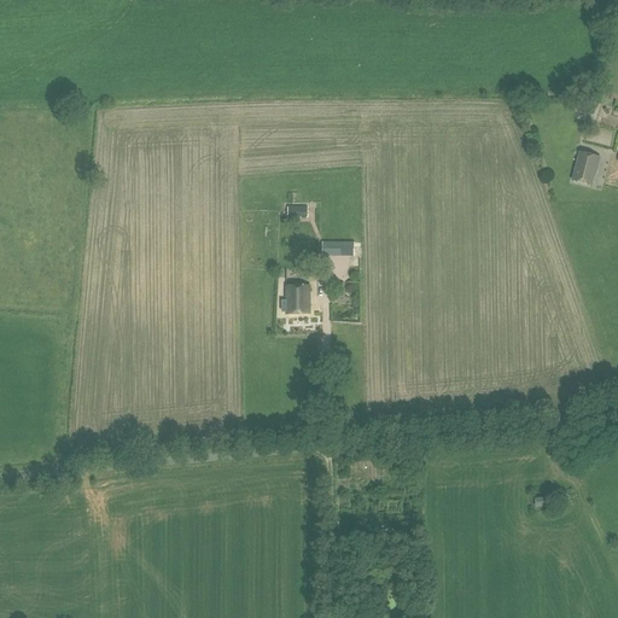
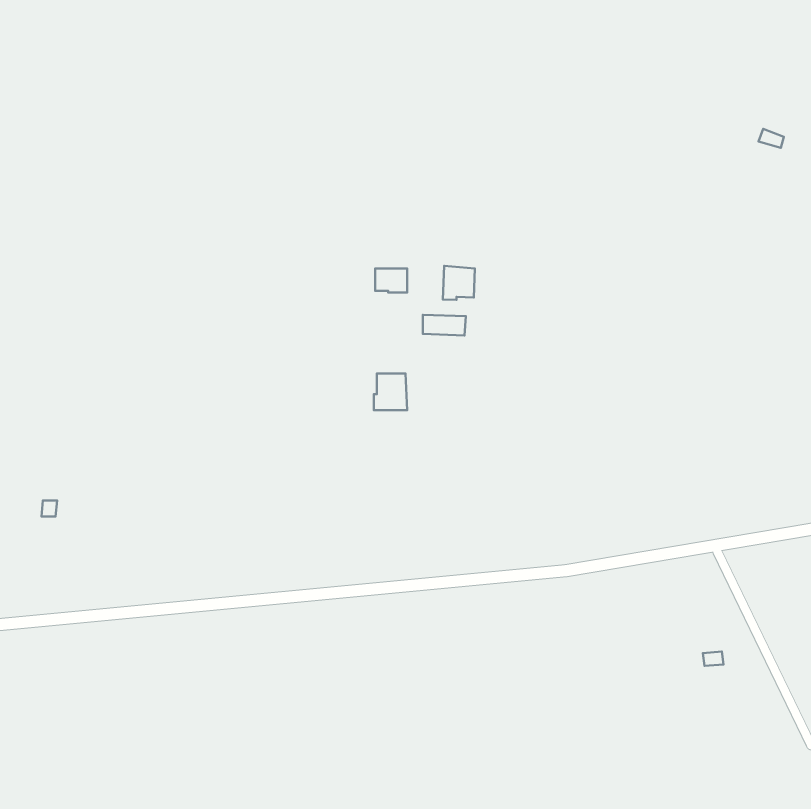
building: [572,150,600,183] -> none
building: none -> [443,266,475,300]

